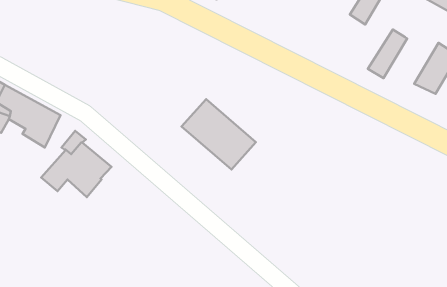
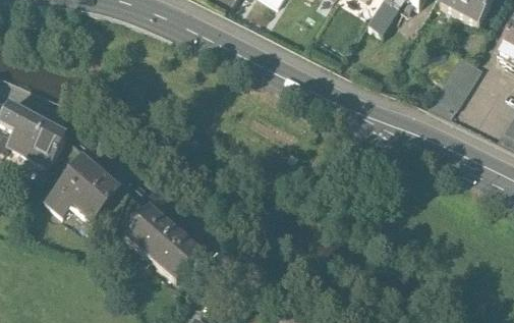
building: [368,29,407,78] -> none
building: [182,99,256,169] -> [124,199,202,272]

